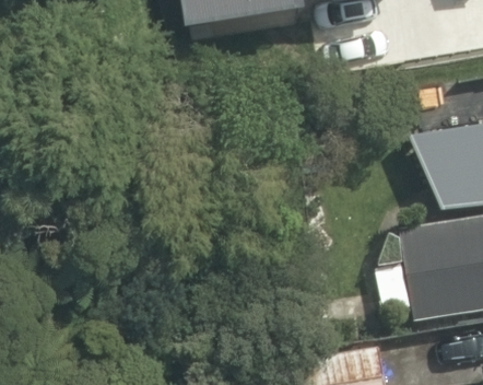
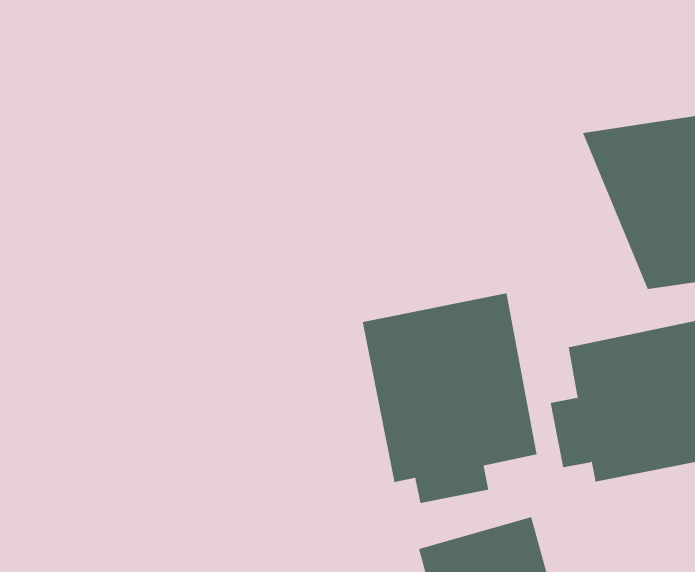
building: none -> [362,293,537,504]

